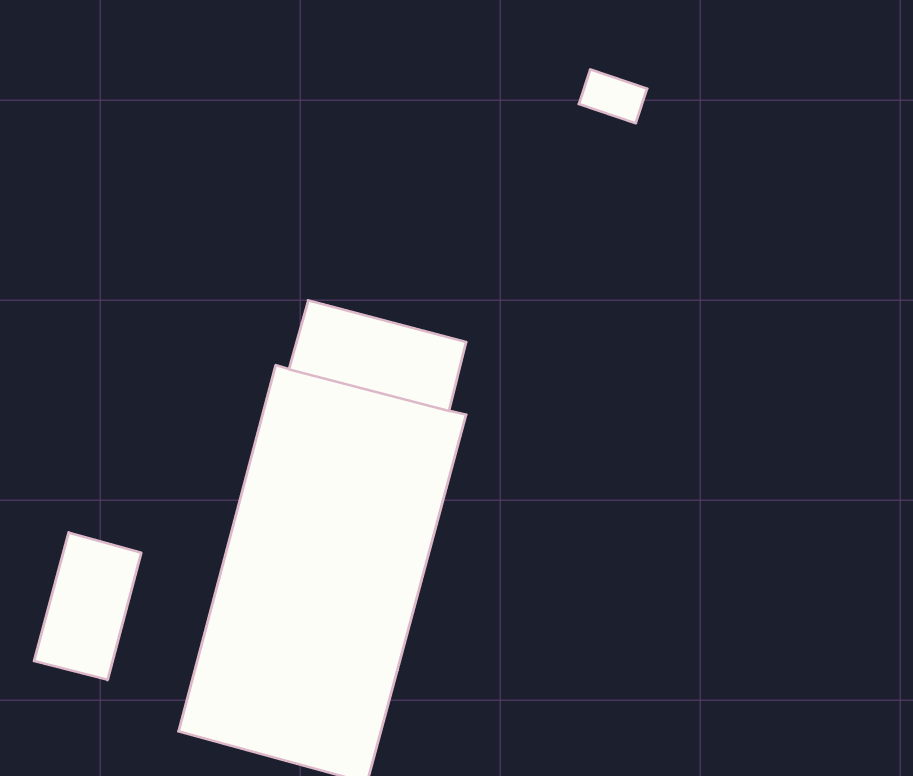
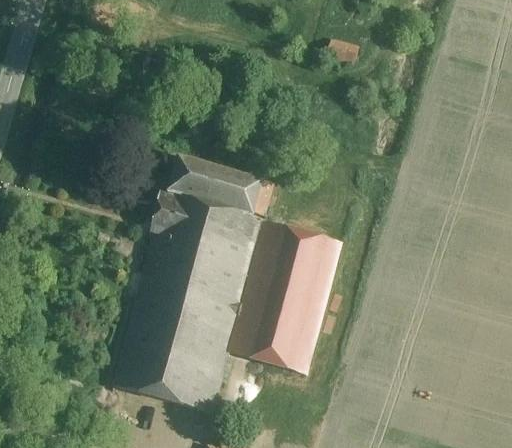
building: none -> [229,218,342,373]
building: [34,532,141,680] -> none

